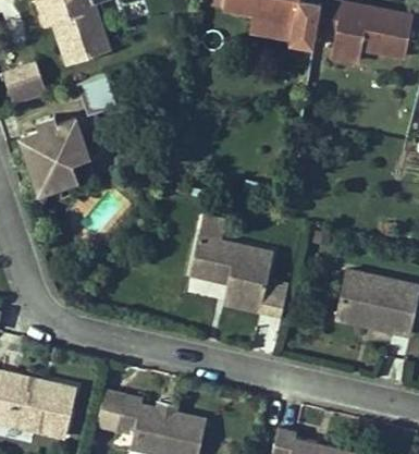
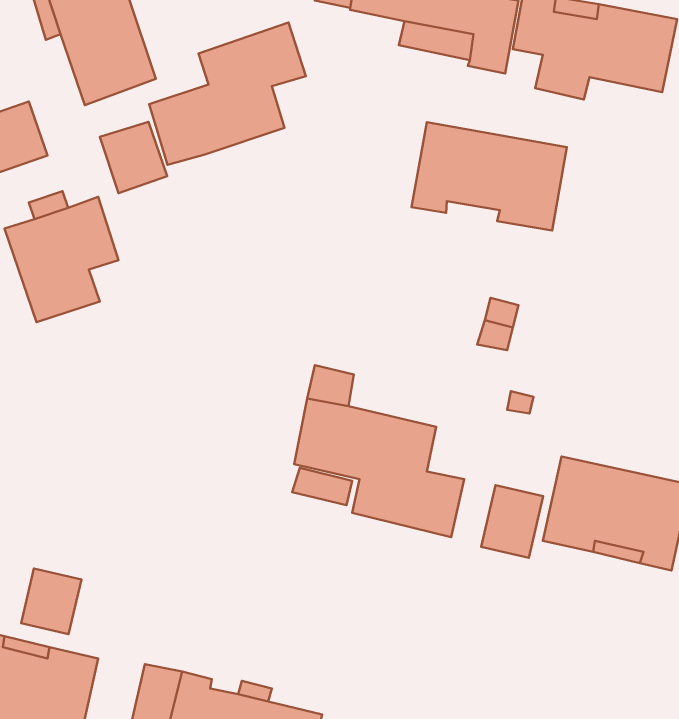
building: none -> [149,22,306,165]
building: none -> [411,122,567,231]
building: none -> [481,485,543,558]
building: none -> [21,568,81,634]

